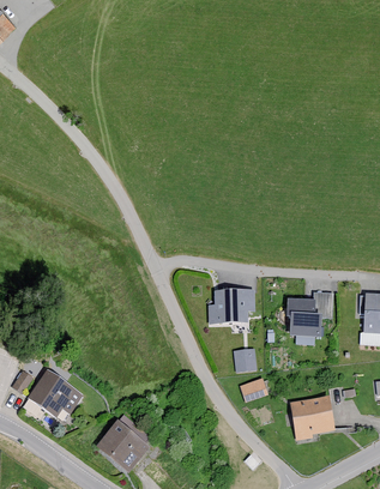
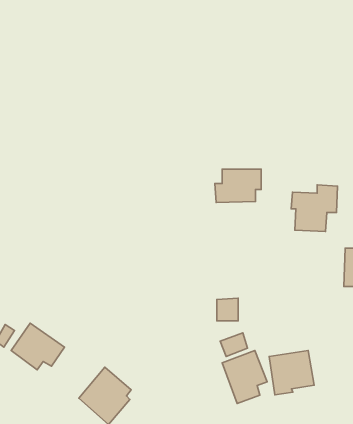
building: [207,290,254,324] -> [215,169,261,203]
building: [286,291,333,338] -> [291,185,338,231]
building: none -> [222,351,267,403]

